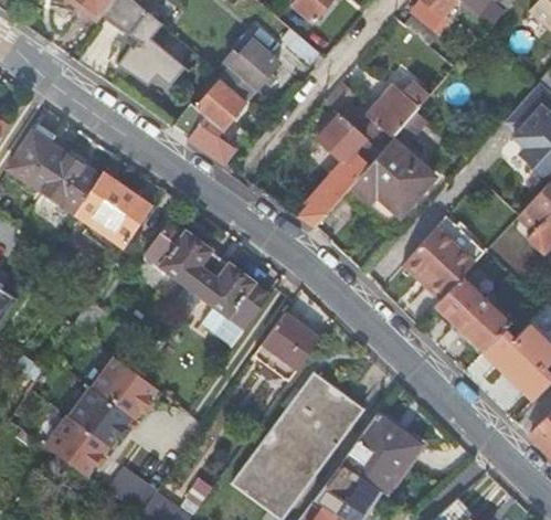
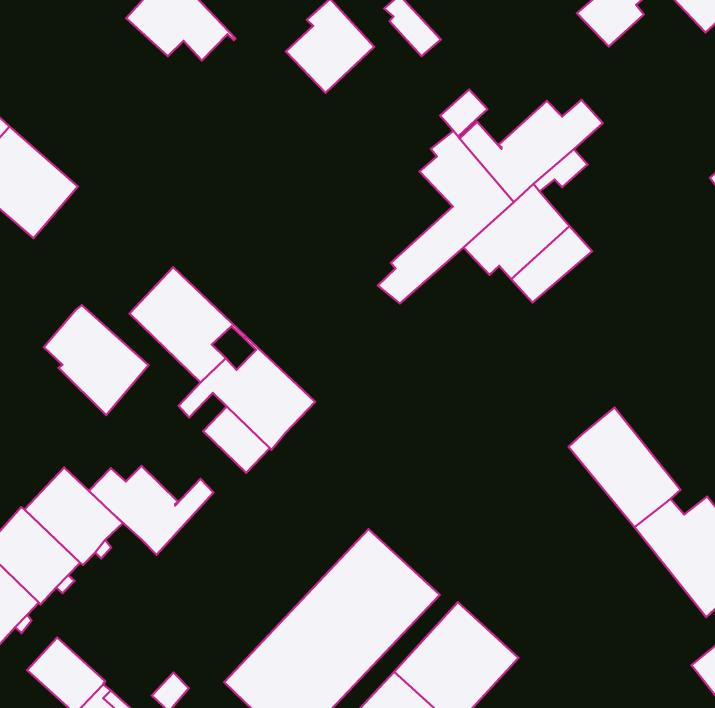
building: [172,74,252,163] -> none
building: [83,173,151,242] -> [44,305,149,415]
building: [403,229,474,296] -> none
building: [254,314,320,381] -> none
building: none -> [89,466,214,555]

